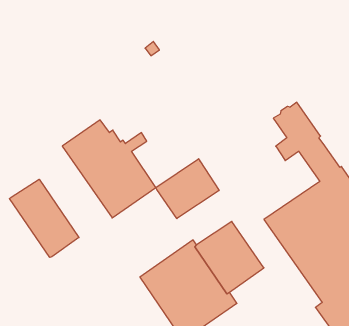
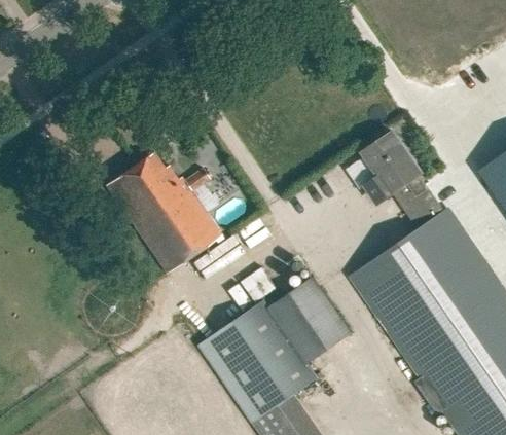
building: [156,159,219,219] -> none
building: [9,179,79,257] -> none

